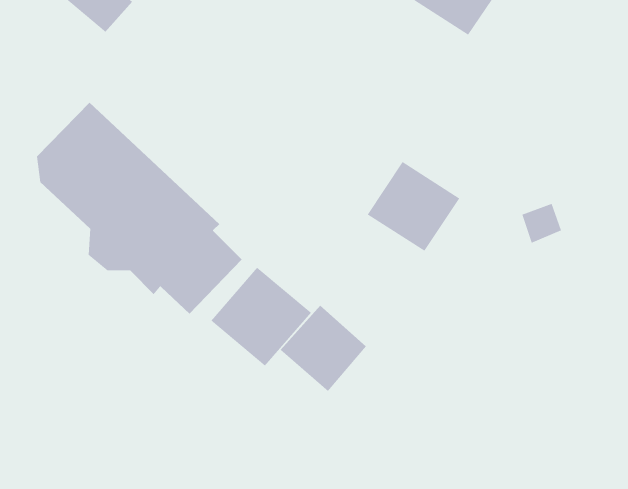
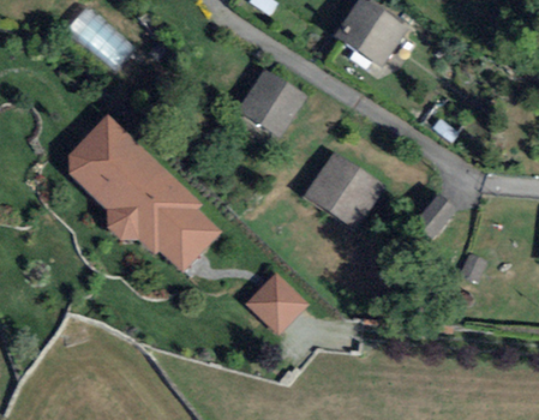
building: none -> [244,73,305,134]
building: [210,267,312,366] -> none

